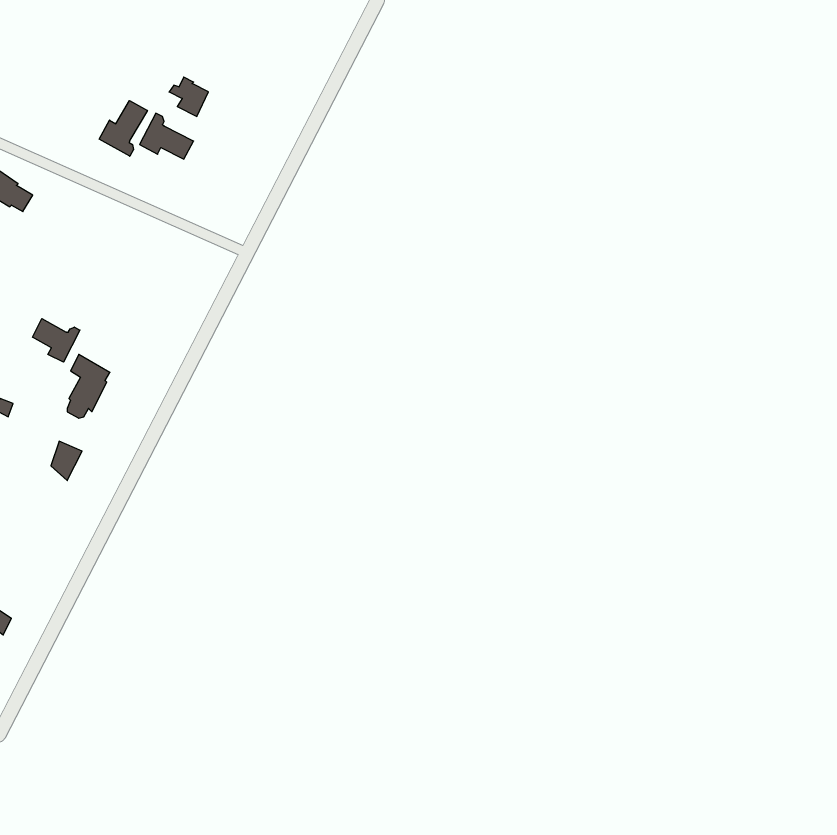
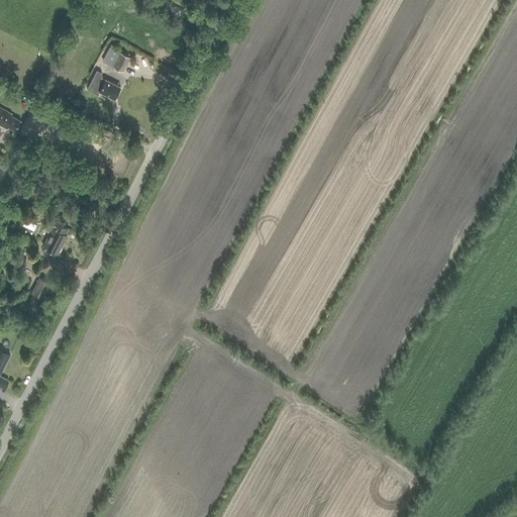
building: [99,101,147,156] -> none
building: [33,319,80,362] -> none

